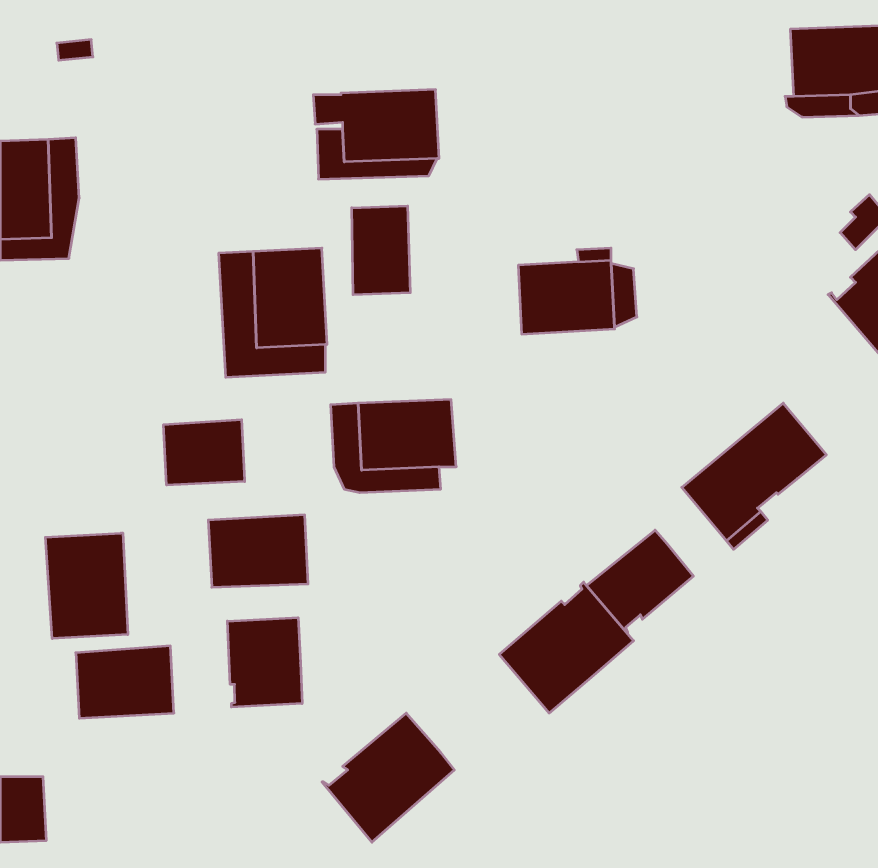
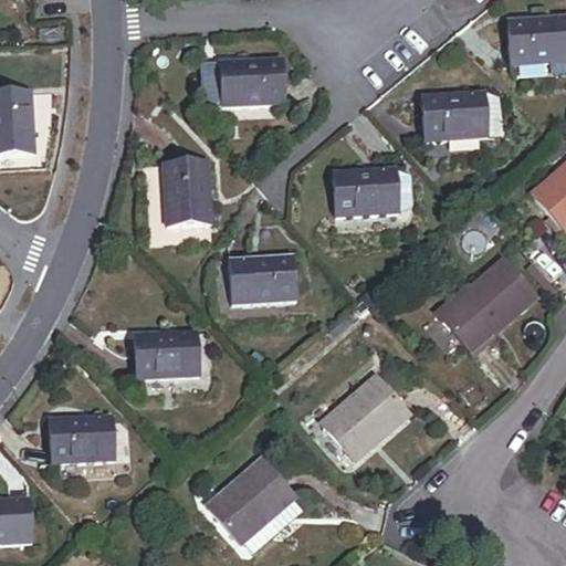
building: none -> [422,93,501,137]
building: [352,206,410,295] -> none
building: [164,420,245,485] -> none
building: [586,530,693,633] -> none
building: [45,533,128,639] -> none
building: [227,618,302,707] -> none

